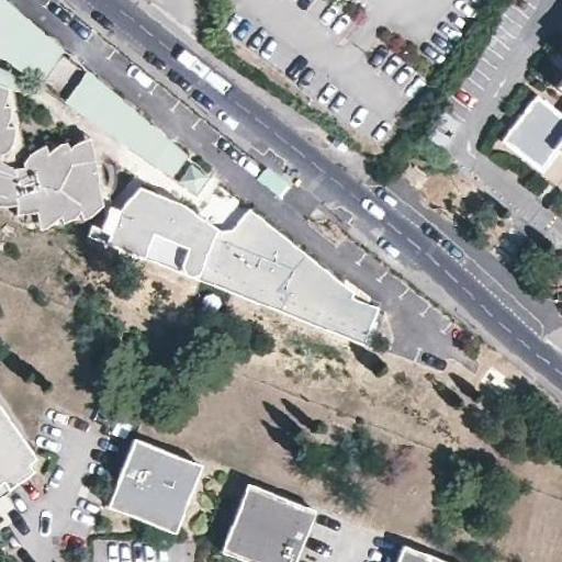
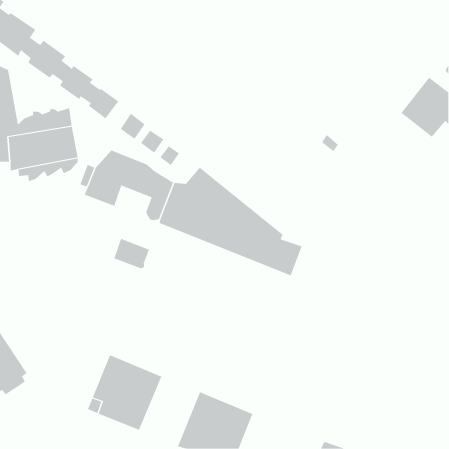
building: [143,232,188,270] -> [114,238,150,269]

